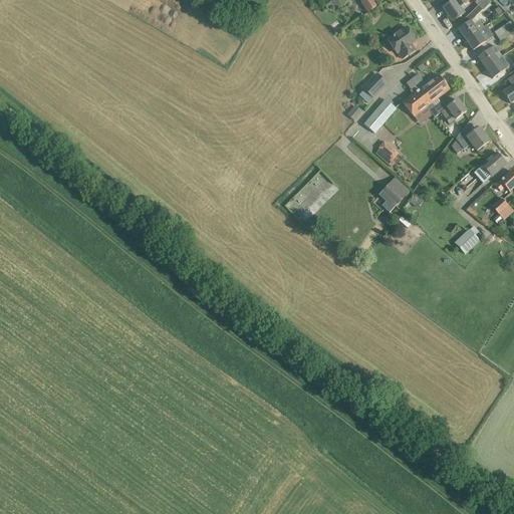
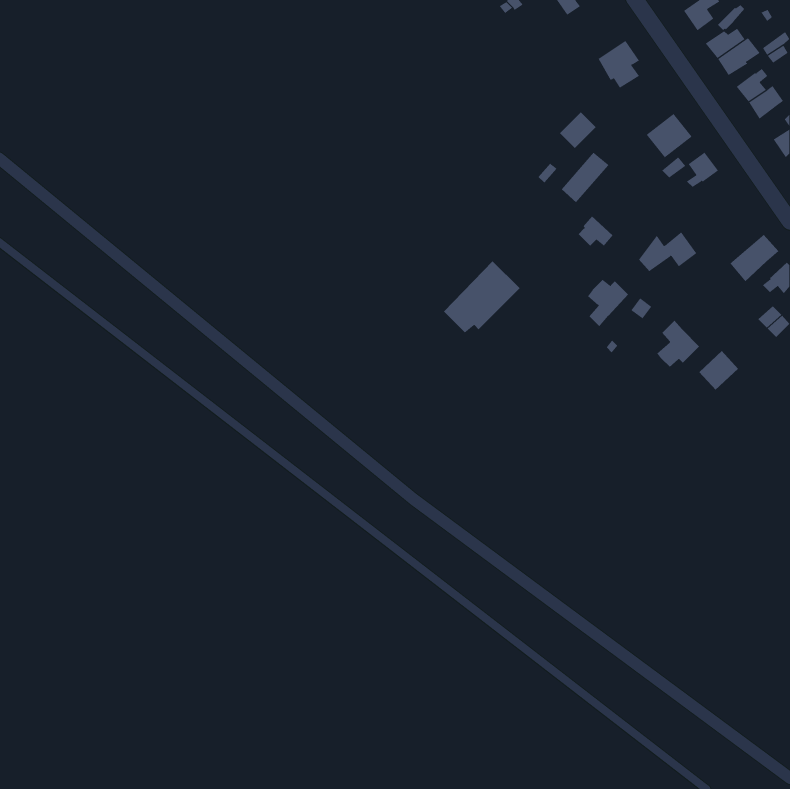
building: [401,87,431,116] -> none
building: [450,126,488,153] -> [638,232,697,272]
building: none -> [657,320,700,367]

